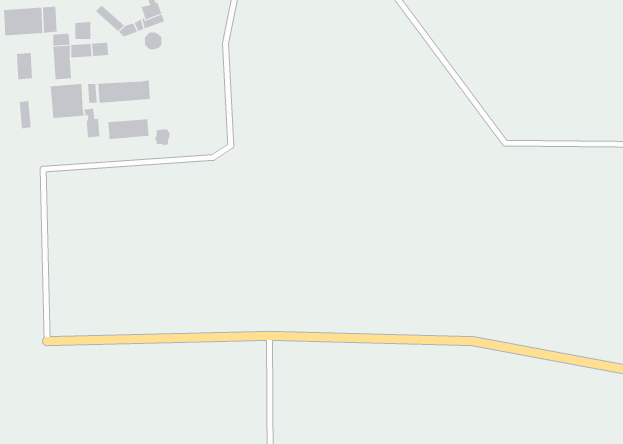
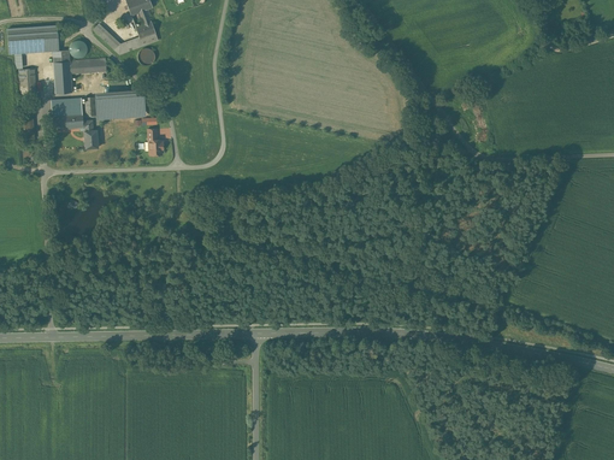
building: [108,119,149,140] -> none

